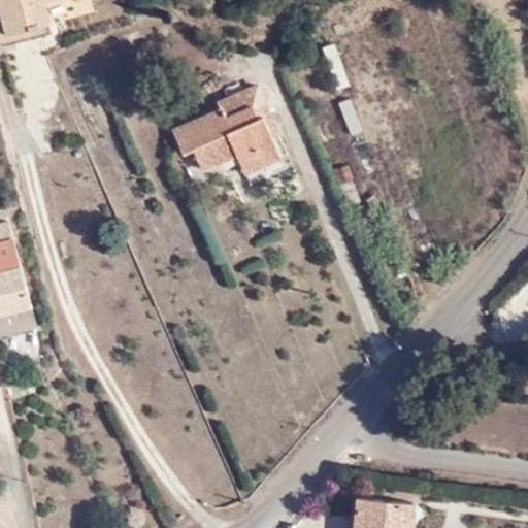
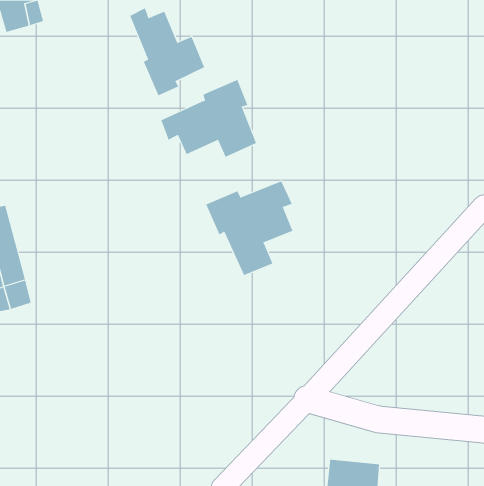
building: none -> [129,8,205,96]
building: none -> [205,181,293,276]

